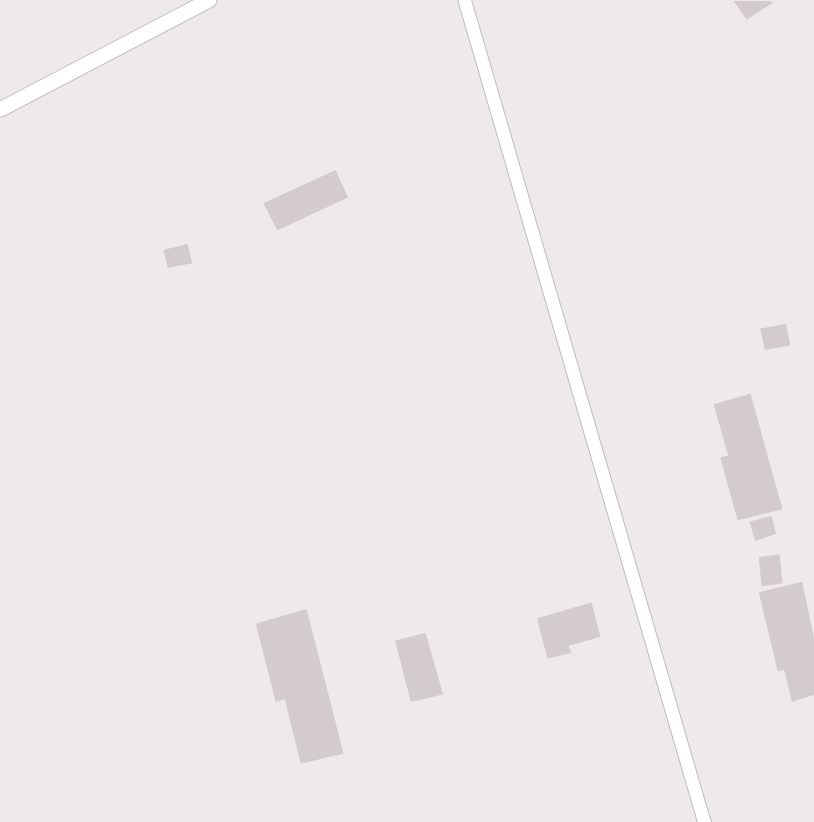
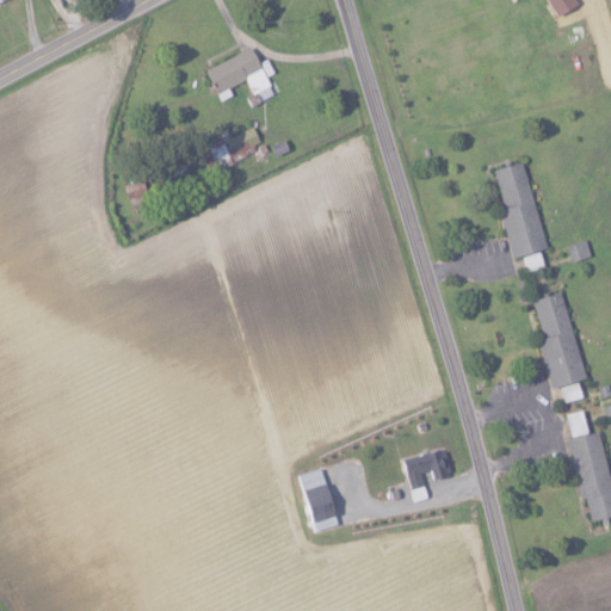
building: none -> [206,48,269,93]
building: none -> [496,160,549,271]
building: [255,608,345,765] -> none

